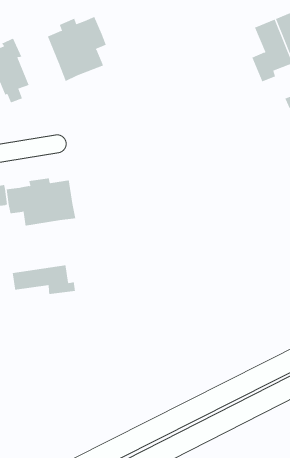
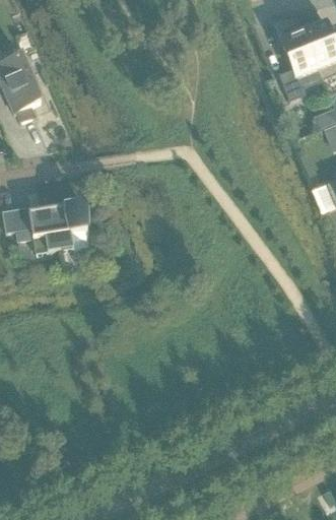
building: [47,16,107,82] -> none
building: [12,264,76,295] -> none

